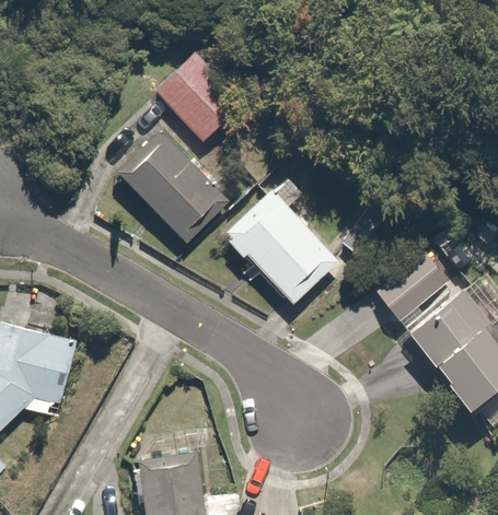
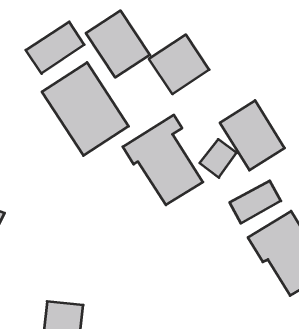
building: none -> [149,35,209,94]
building: none -> [26,22,84,74]
building: none -> [220,100,285,170]

